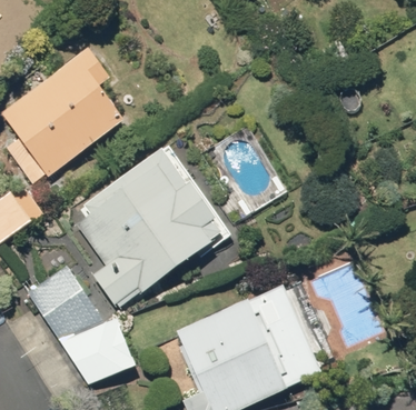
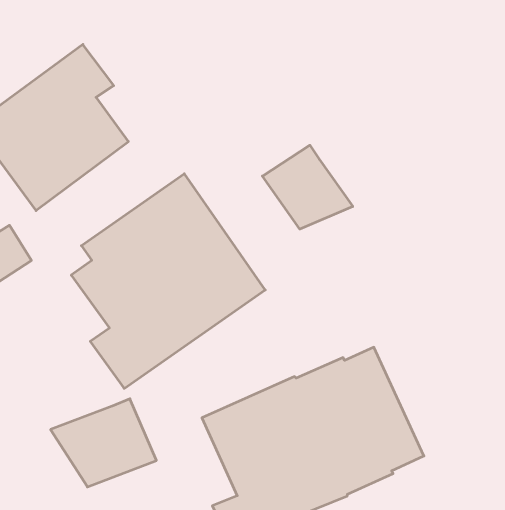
building: none -> [262,145,353,229]
building: [28,262,107,340] -> none

